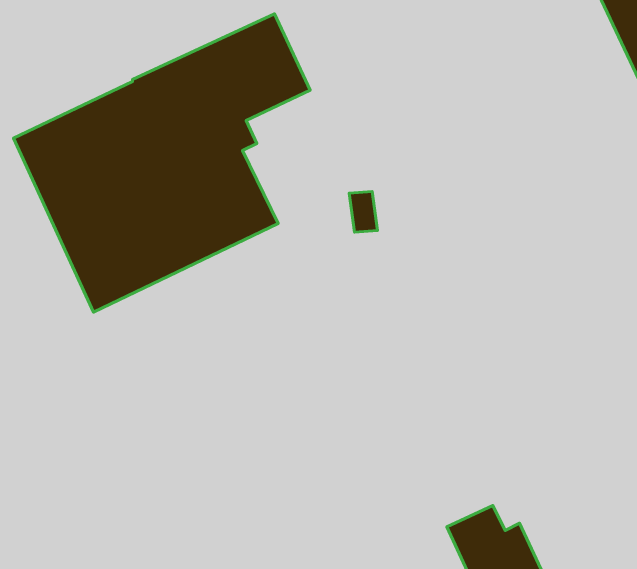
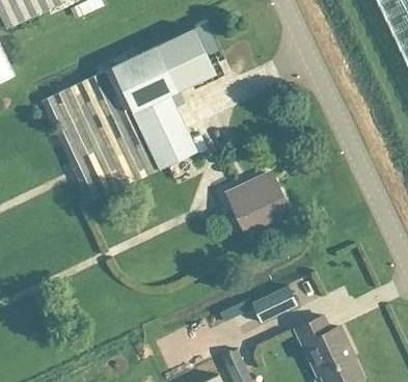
building: none -> [228,174,292,240]
building: none -> [251,285,298,323]

